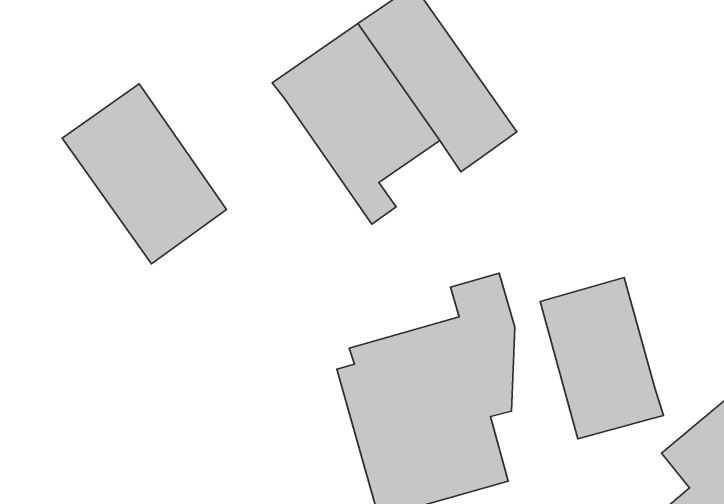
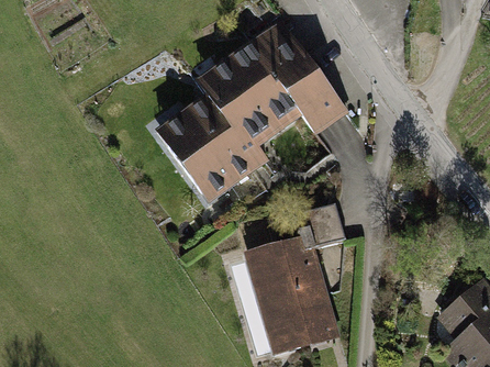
building: [62,84,226,264] -> [153,92,256,205]
building: [540,278,663,439] -> none

